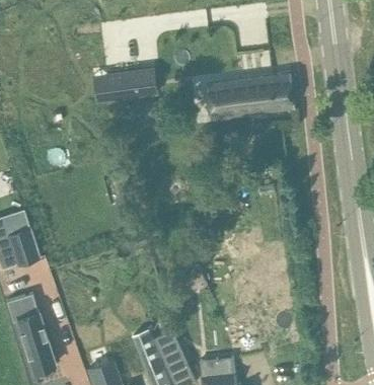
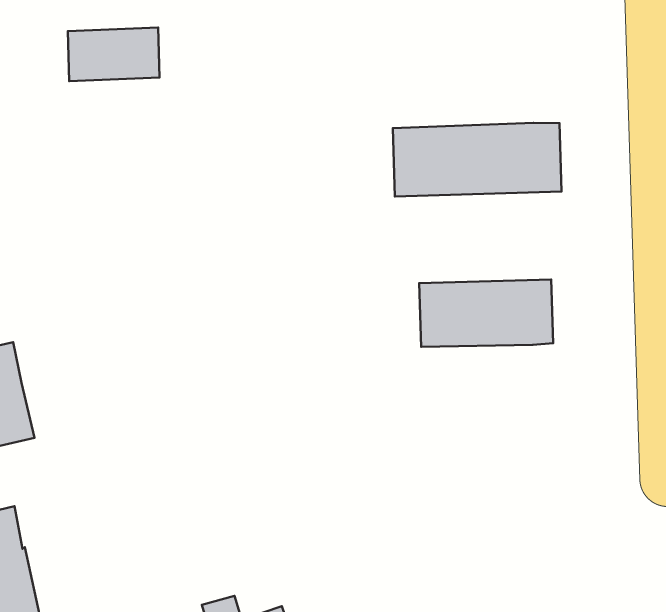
building: [106,70,155,101] -> [68,27,160,81]
building: none -> [419,279,553,347]

